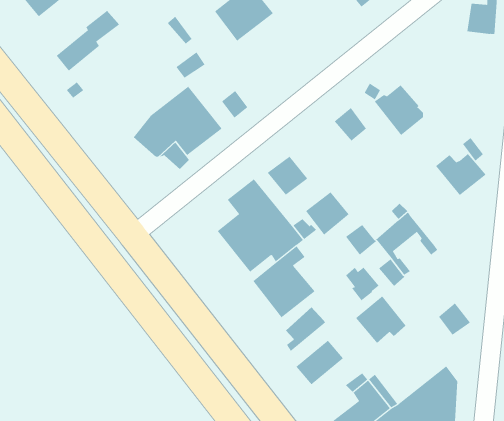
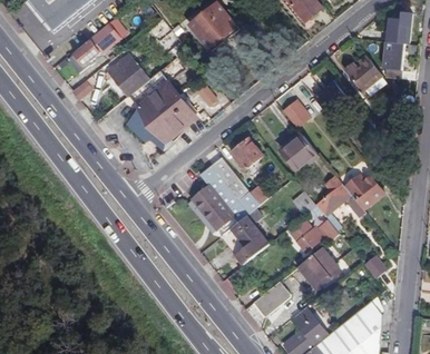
building: none -> [383,41,405,70]
building: none -> [345,55,382,92]
building: none -> [106,58,149,96]
building: [435,153,487,196] -> [343,175,383,208]
building: [305,191,349,236] -> [282,135,316,169]
building: [285,307,326,352] -> none

